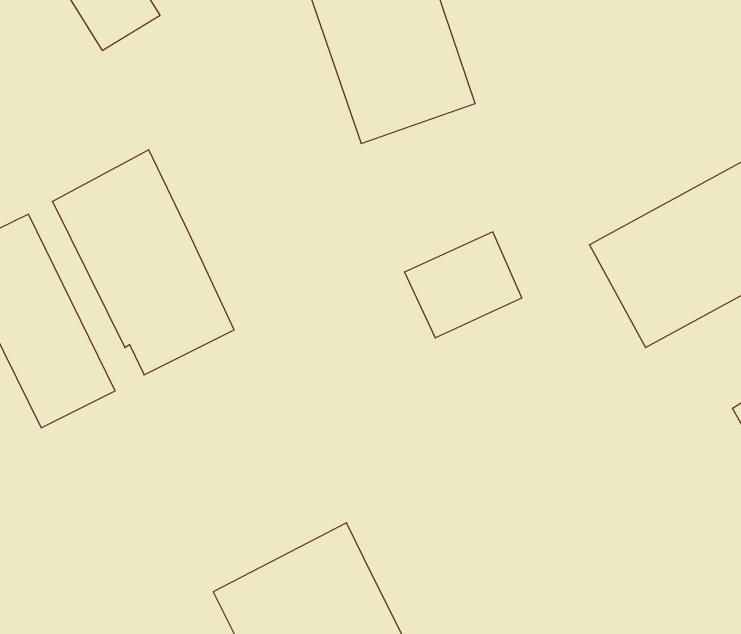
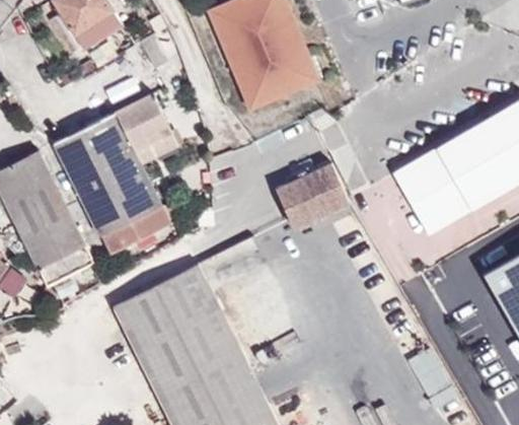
building: none -> [115,93,177,164]
building: none -> [114,265,239,391]

